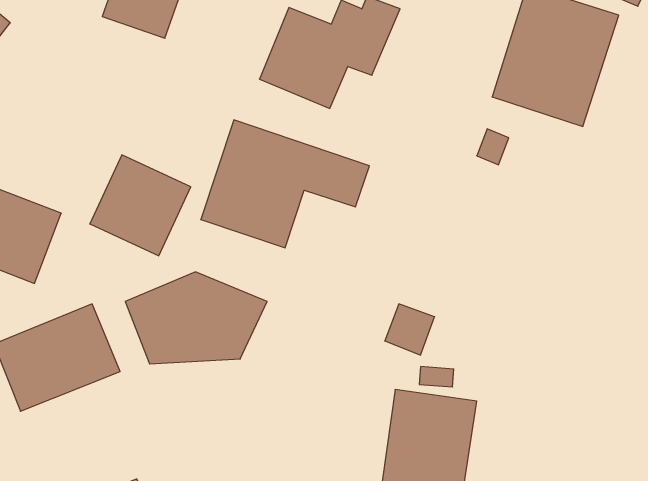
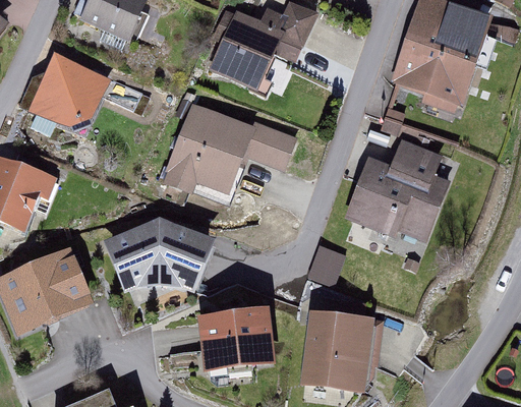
building: [90,155,191,256] -> [25,57,106,137]
building: none -> [344,141,448,246]
building: none -> [196,310,275,372]

